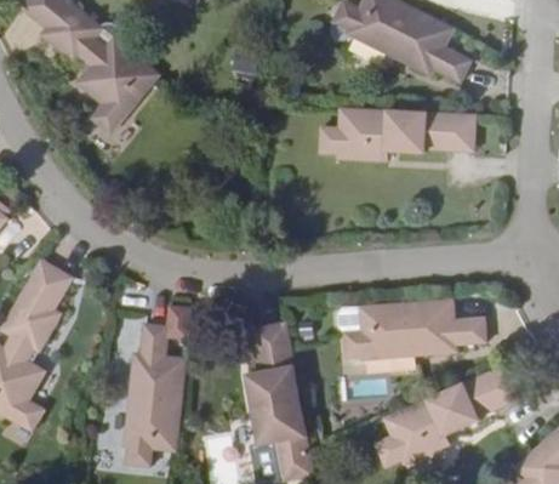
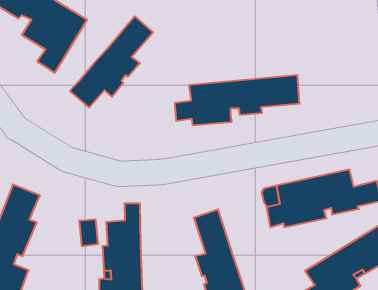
building: none -> [70,16,153,107]
building: [320,108,477,160] -> [175,75,300,125]

